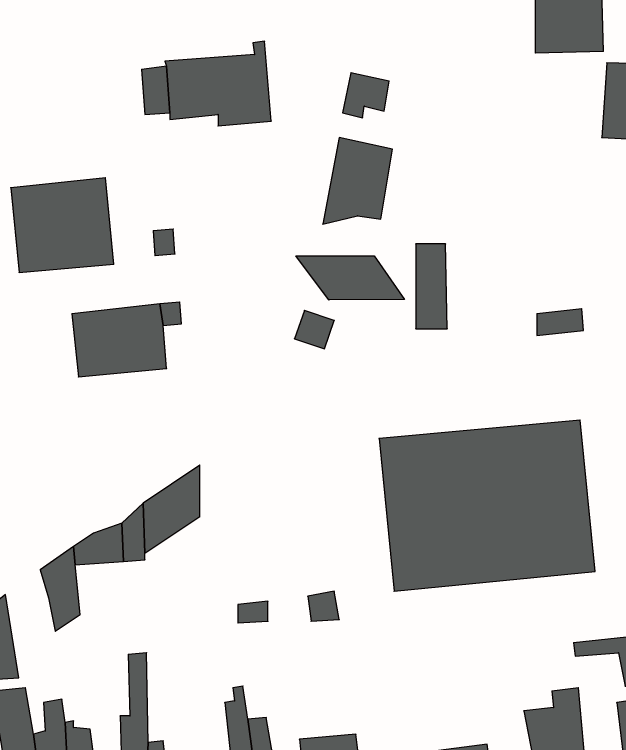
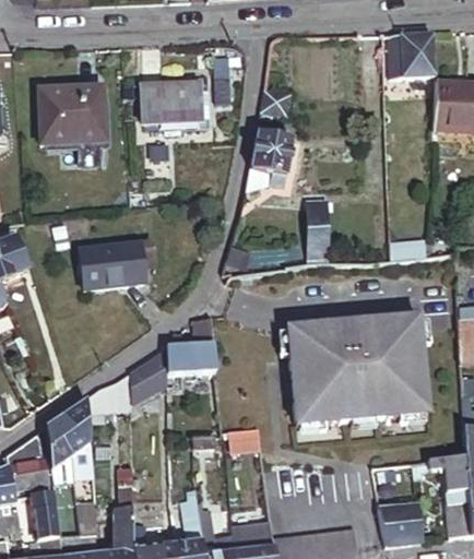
building: [11,178,114,272] -> [40,84,108,146]
building: [296,256,404,300] -> none
building: none -> [167,320,215,374]
building: none -> [45,415,75,485]

